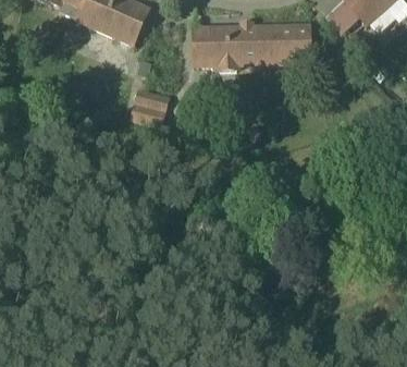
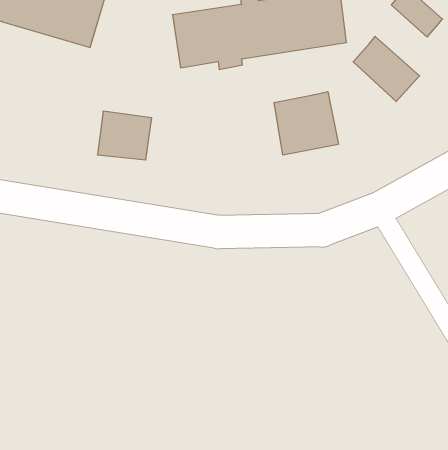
building: none -> [353,36,420,102]
building: none -> [274,92,338,155]

